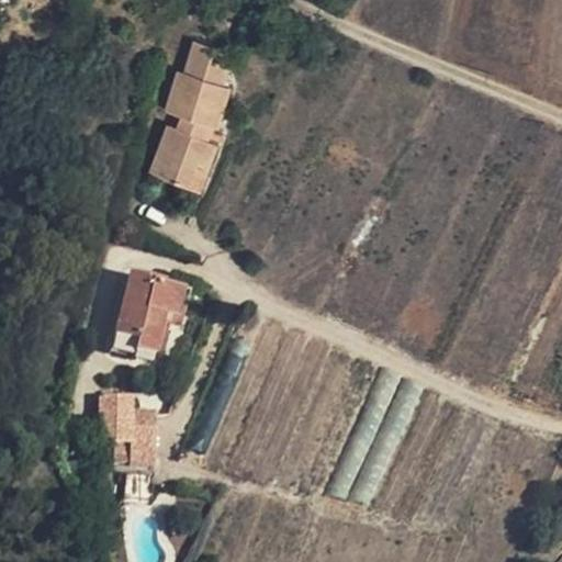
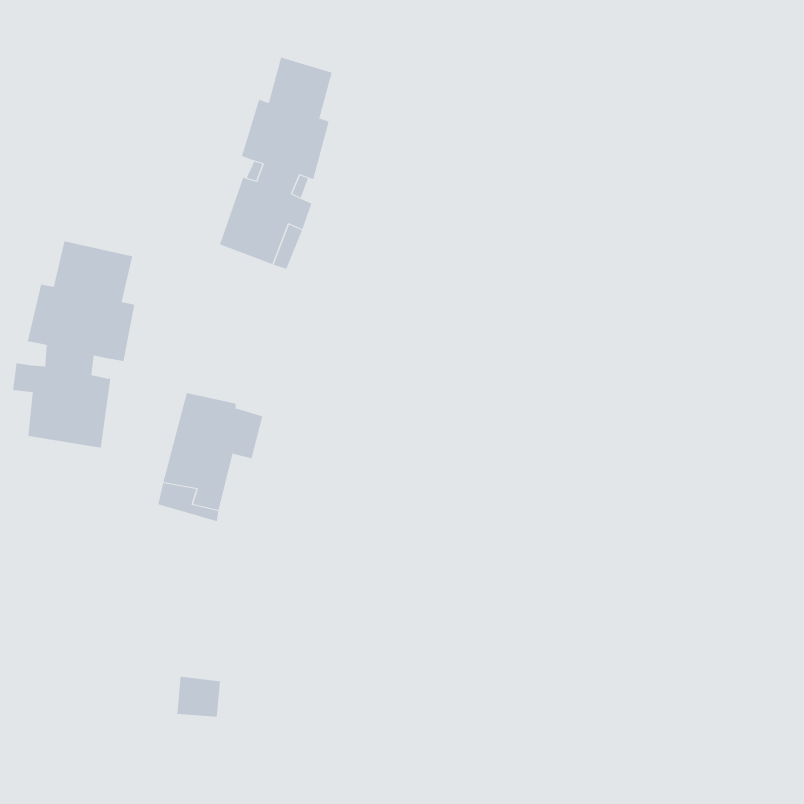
building: none -> [12,241,135,449]
building: [100,394,155,463] -> none

